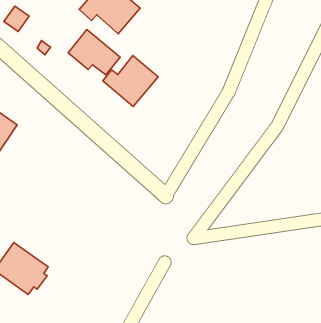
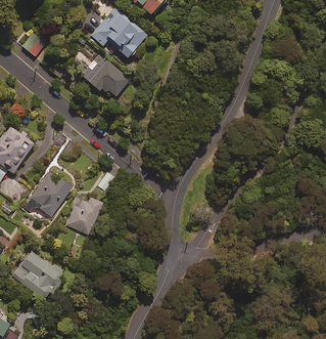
building: [103,56,158,107] -> none
building: none -> [28,170,72,216]
building: none -> [65,197,102,234]

